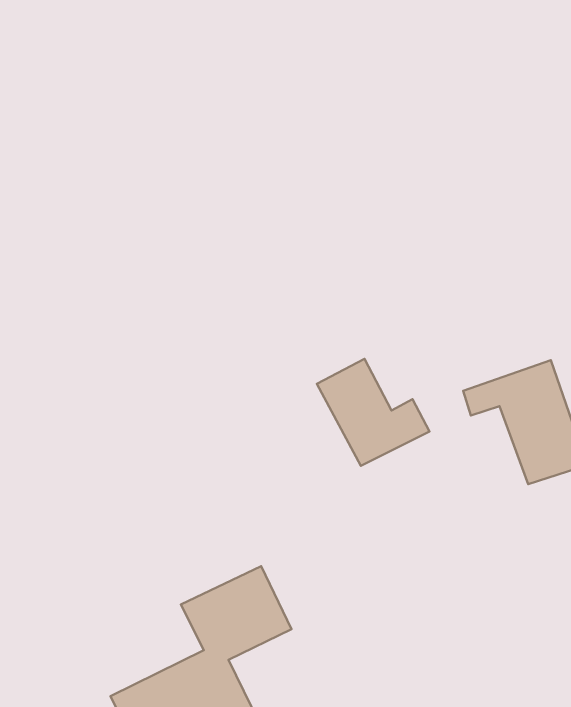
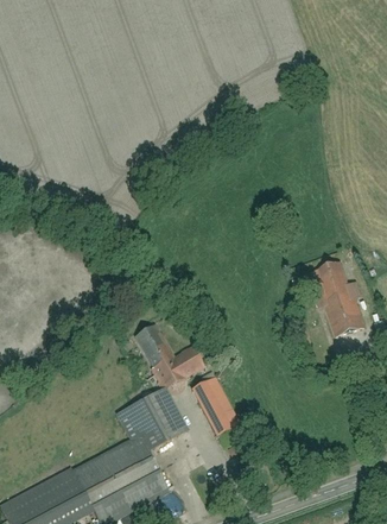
building: [317,359,430,466] -> [131,321,201,387]
building: none -> [192,378,242,435]

